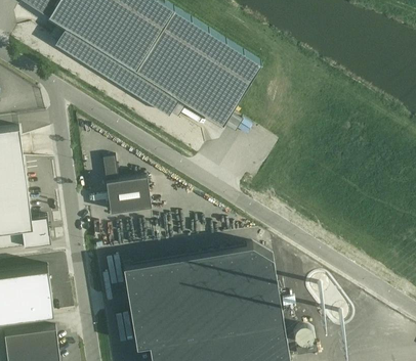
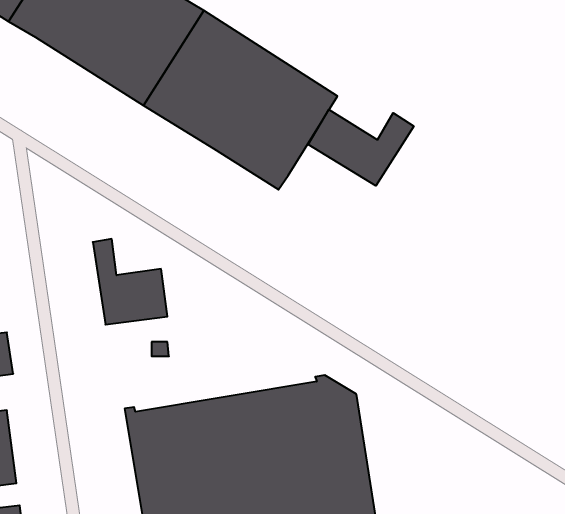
building: [55,29,180,118] -> none
building: none -> [308,110,414,186]

